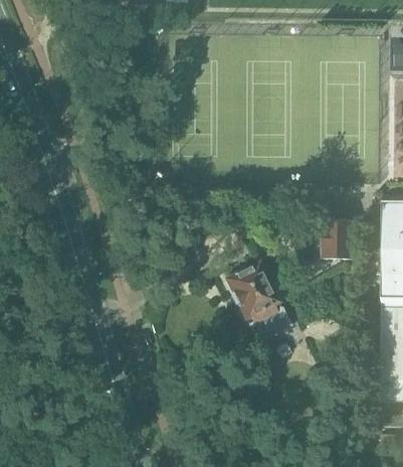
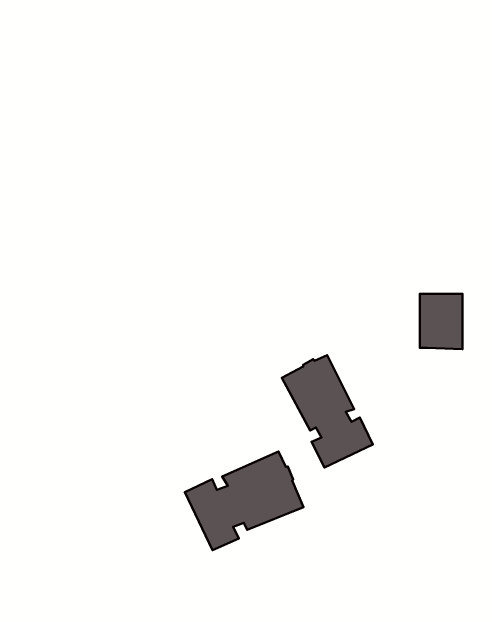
building: none -> [185,452,304,550]

